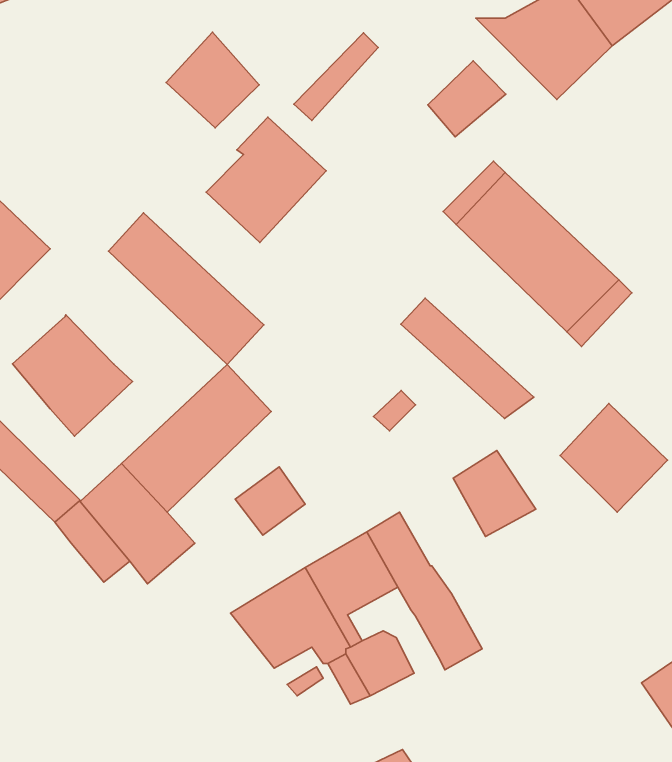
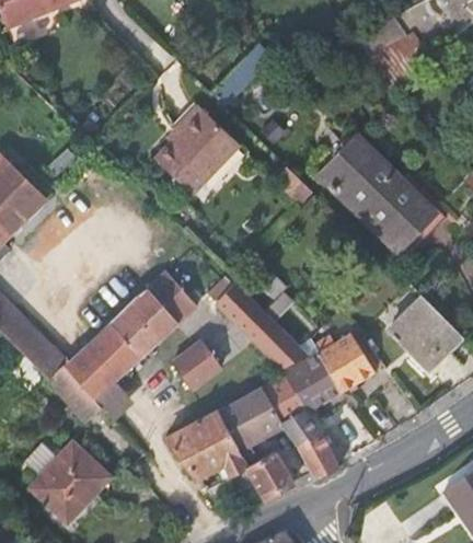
building: [166,32,259,128] -> none
building: [428,61,506,137] -> none
building: [108,213,264,364] -> none
building: [401,298,534,418] -> [214,284,303,365]
building: [13,315,133,436] -> none
building: none -> [284,348,342,407]
building: none -> [33,443,109,520]

